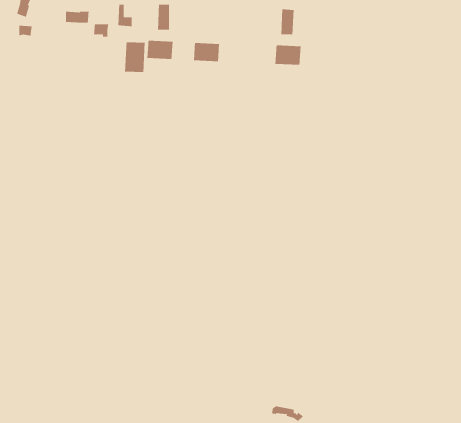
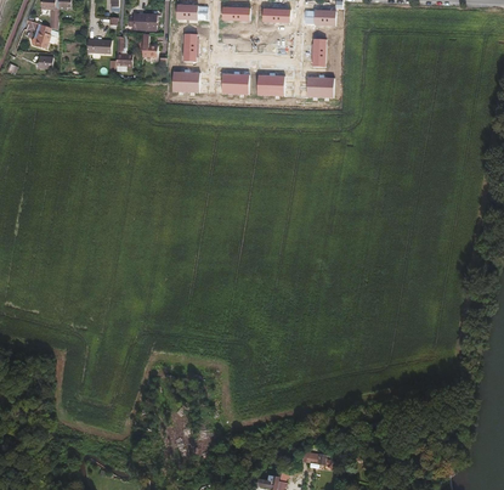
building: [124,42,145,73] -> none
building: none -> [256,74,284,95]

